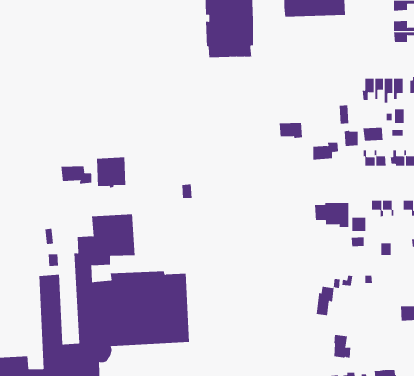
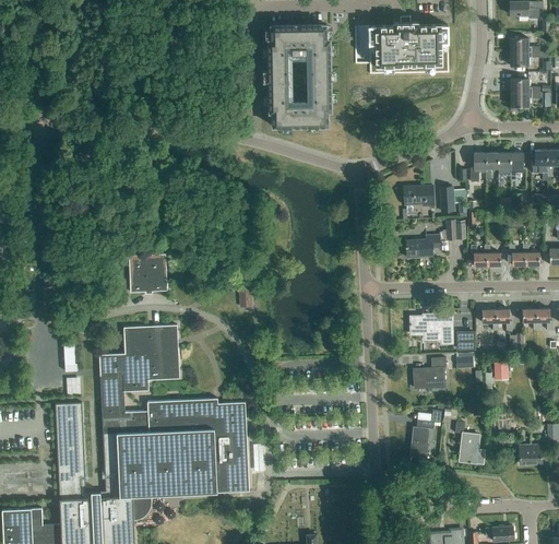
building: [279,122,303,139] -> [403,186,433,206]
building: [363,127,383,141] -> none
building: [61,166,92,185] -> none
building: none -> [413,357,445,389]
building: [333,334,351,358] -> [461,433,484,463]

